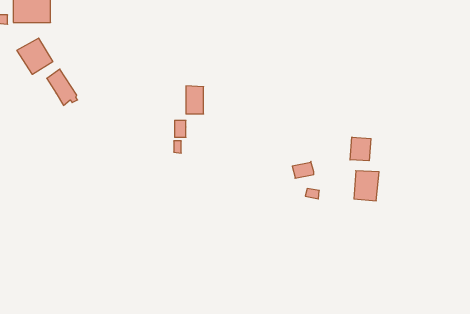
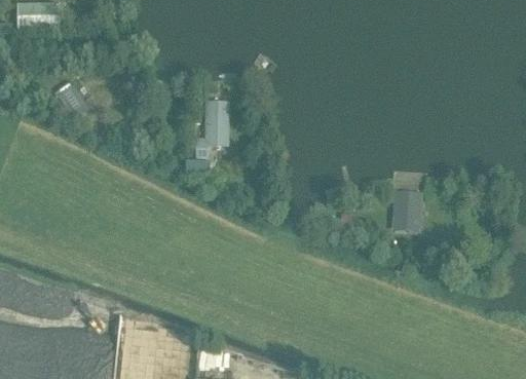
building: [17,38,53,74] -> none
building: [350,137,371,161] -> none

